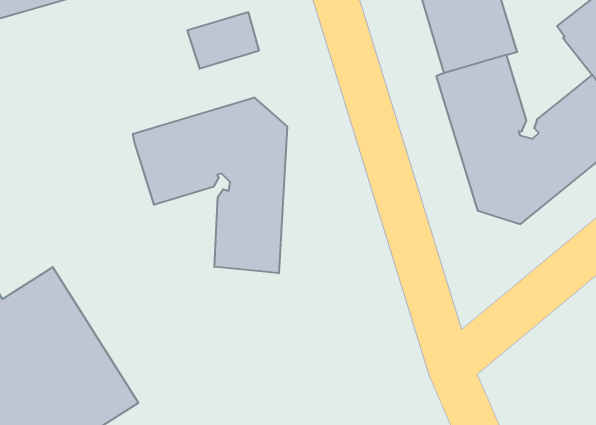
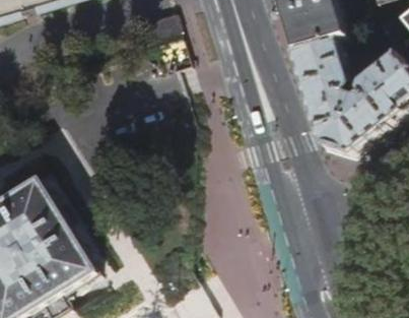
building: [133,97,287,273] -> none

